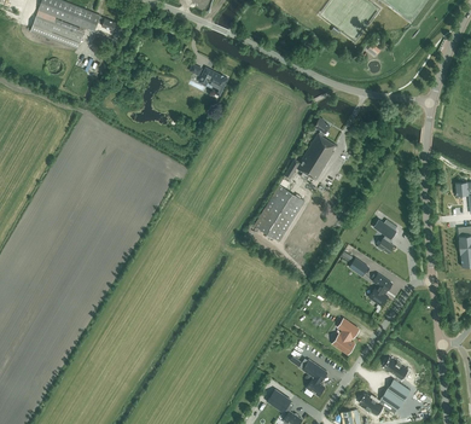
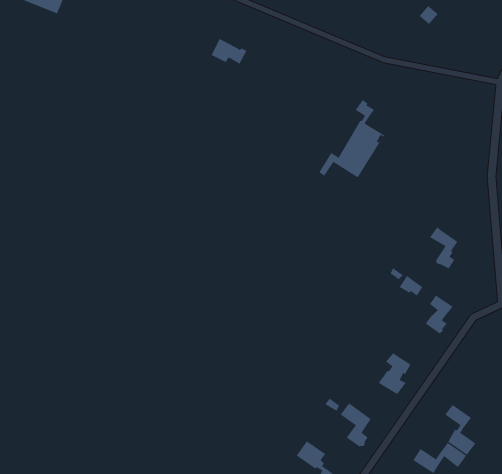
building: [254,185,304,242] -> none

